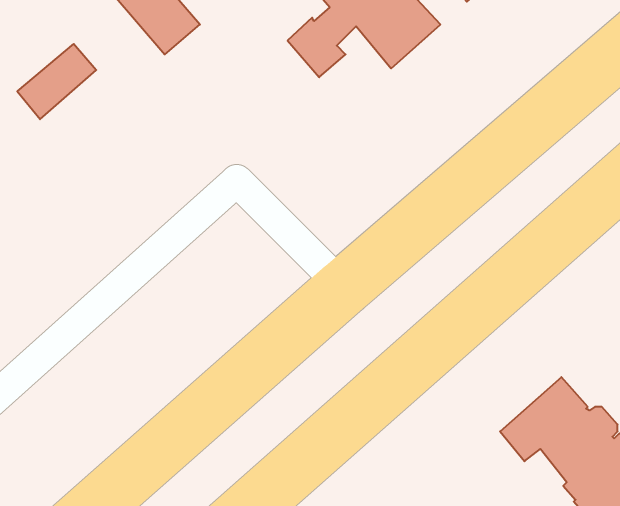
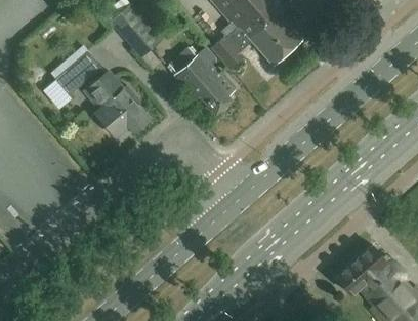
building: none -> [173,51,231,113]
building: none -> [83,69,148,134]

